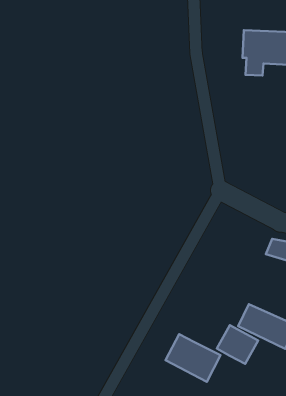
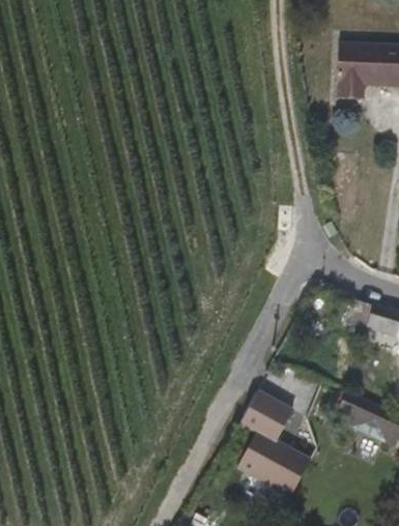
building: [217,325,258,364] -> [240,391,293,441]

